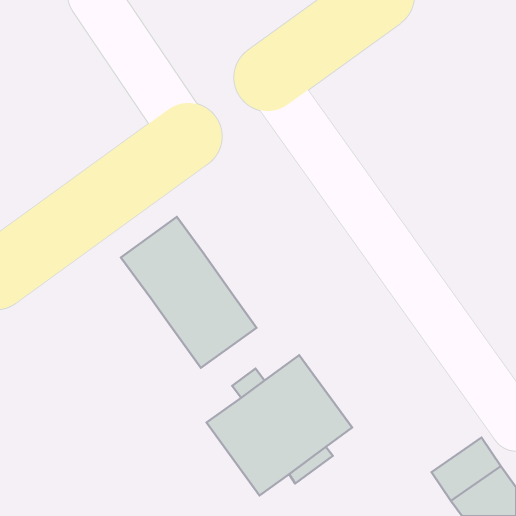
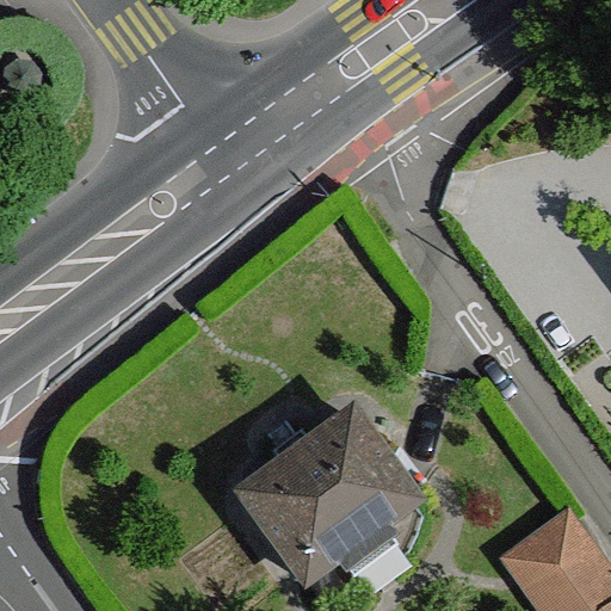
building: [121,217,257,368] -> none

